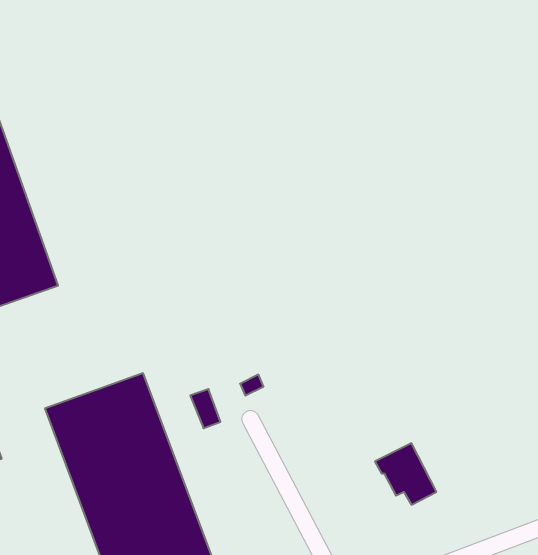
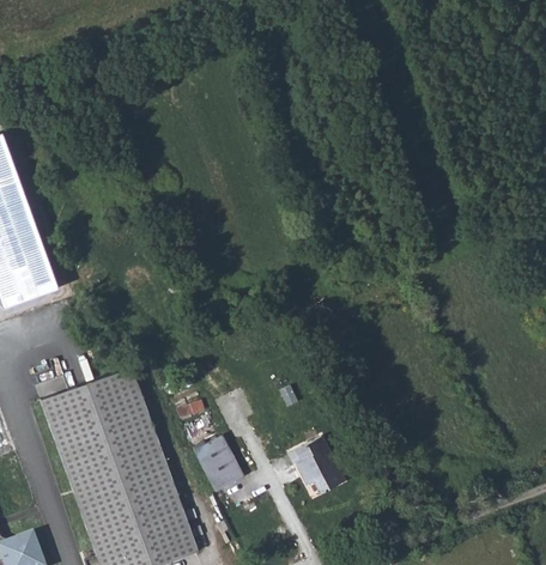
building: [375,443,436,505] -> [291,441,347,497]
building: none -> [198,441,247,496]

